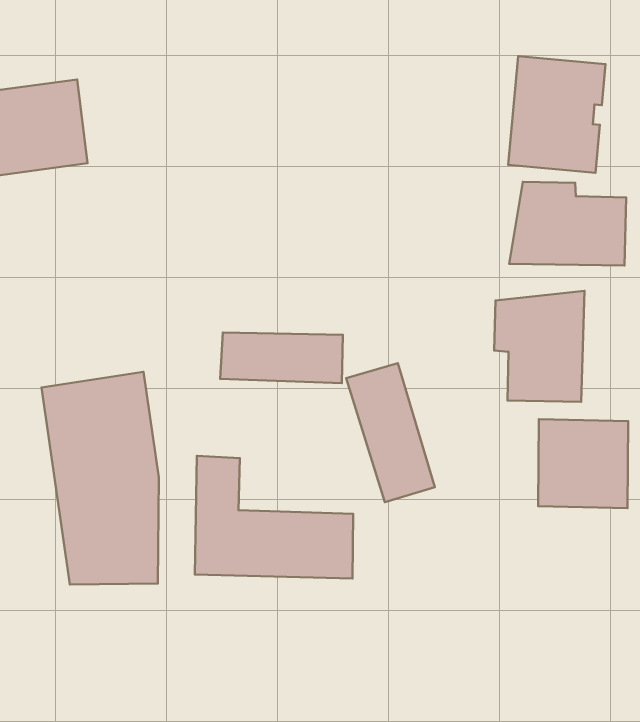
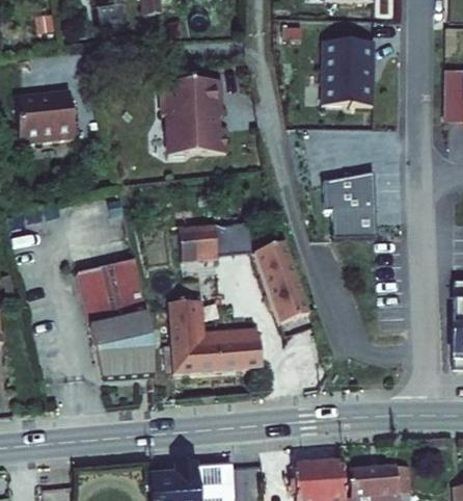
building: none -> [166,72,233,146]
building: [509,182,626,266] -> none
building: [538,419,628,508] -> none

